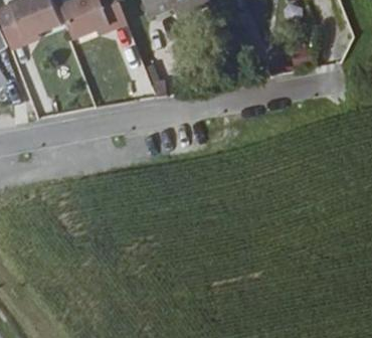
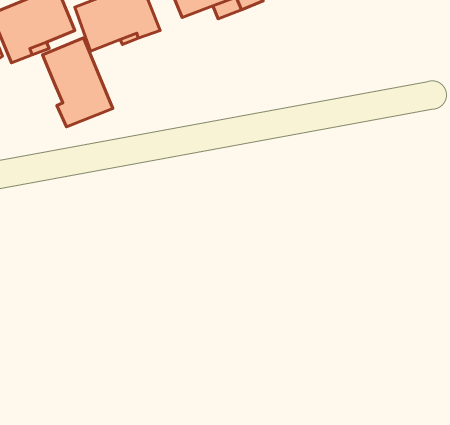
building: none -> [43,38,113,127]

